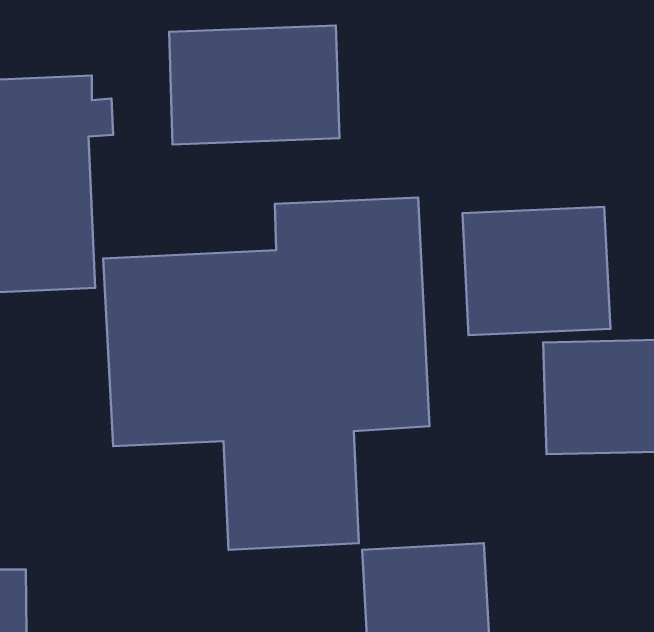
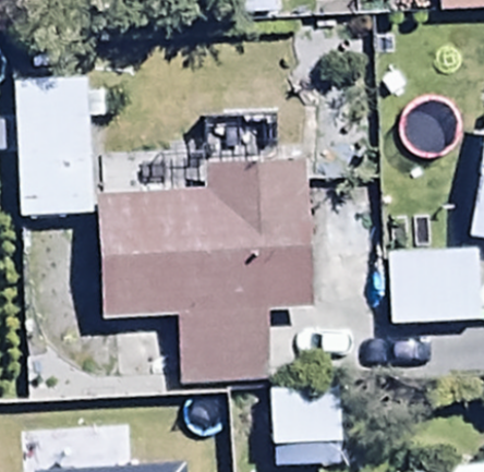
building: [169,25,339,145] -> none
building: [462,207,610,335] -> none

